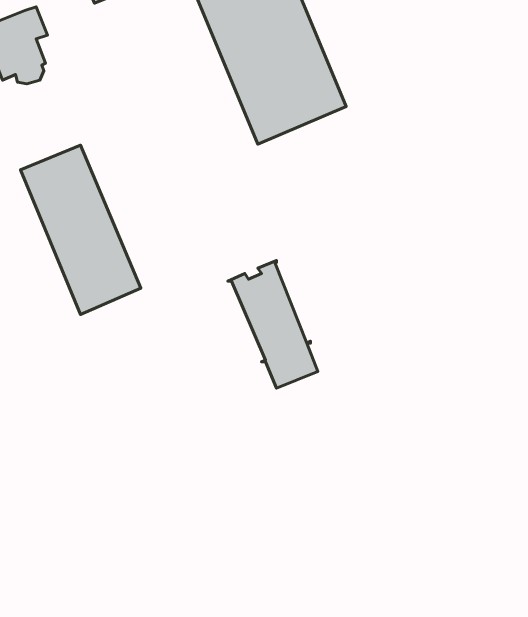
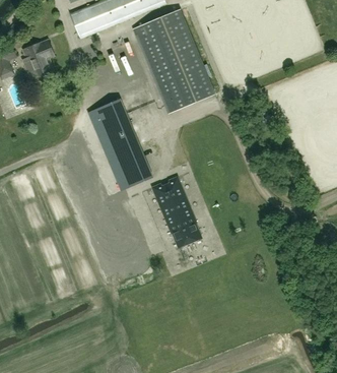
building: [20,145,141,314] -> [86,99,151,190]

